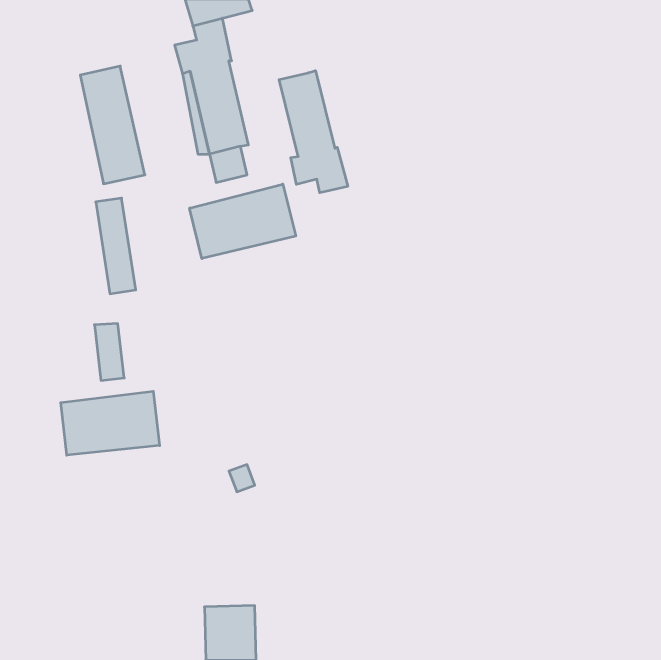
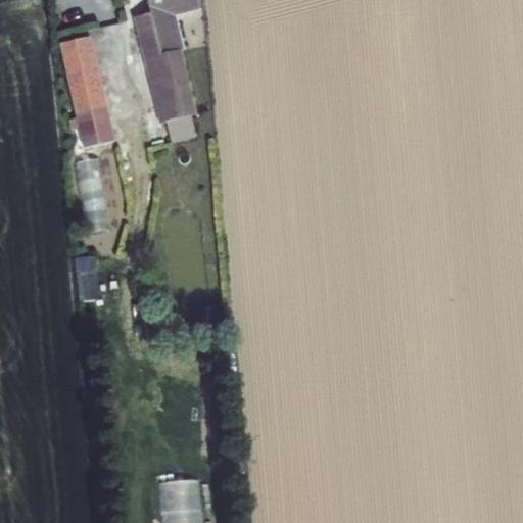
building: [279,71,348,193] -> none
building: [190,184,296,259] -> none
building: [61,391,160,455] -> none

